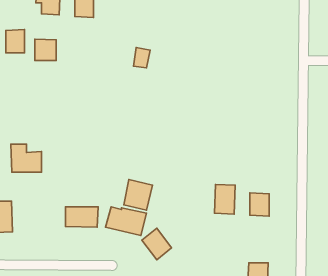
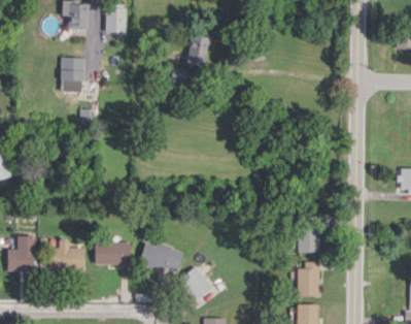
building: none -> [185,35,208,66]
building: [6,30,24,53] -> none
building: [11,144,41,172] -> [49,238,83,269]
building: [124,180,152,210] -> none
building: [215,184,235,214] -> [297,263,319,296]

